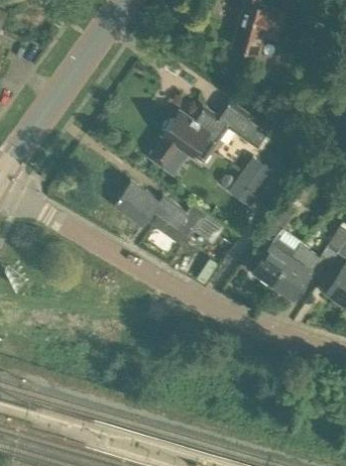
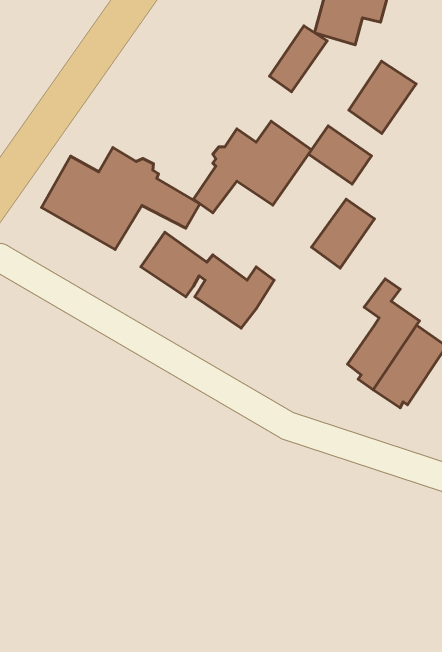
building: none -> [269,26,327,92]
building: none -> [349,61,416,134]
building: none -> [42,148,200,250]

